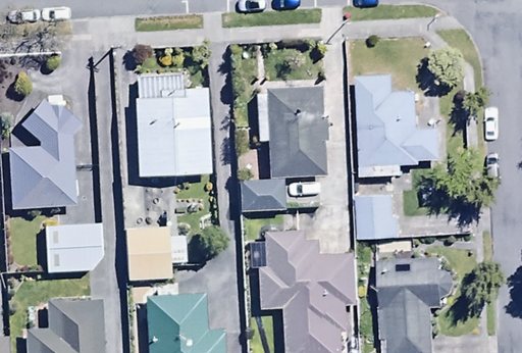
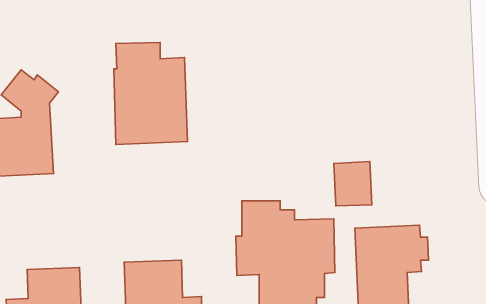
building: [357,72,446,177] -> none
building: [241,87,328,212] -> none
building: [45,225,104,273] -> none
building: [126,231,187,280] -> none

